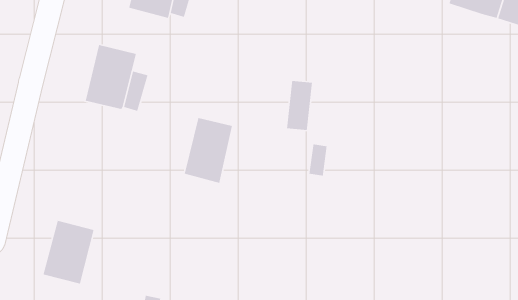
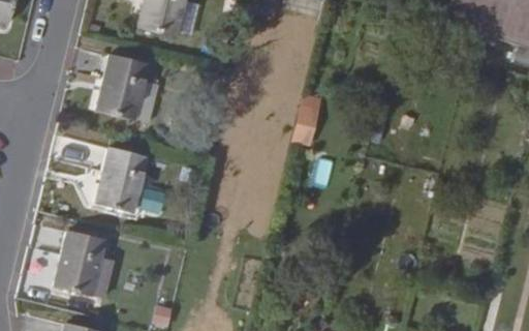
building: [184,117,233,184] -> [95,150,143,215]

